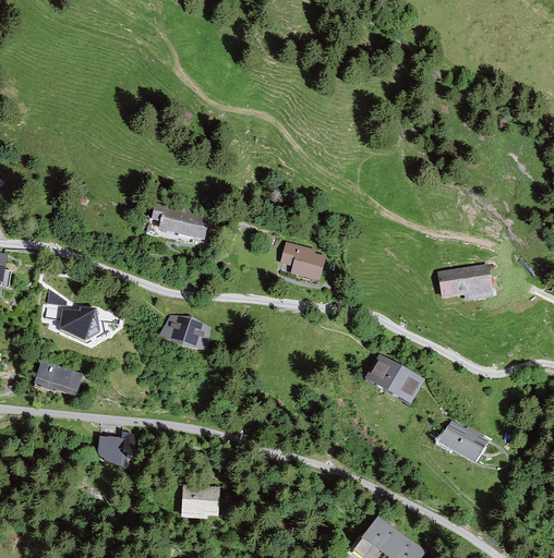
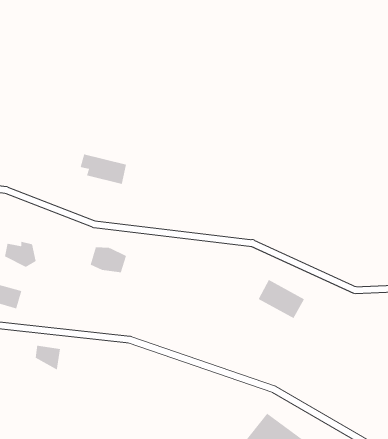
building: [284,244,325,282] -> none
building: [439,267,492,301] -> none
building: [441,421,487,461] -> none
building: [182,486,218,513] -> none

